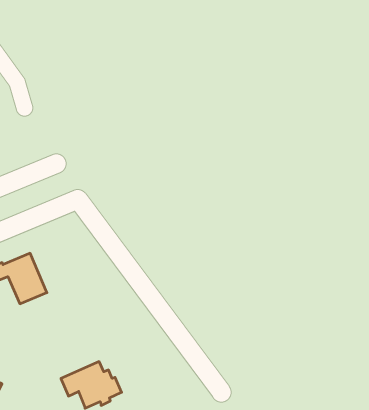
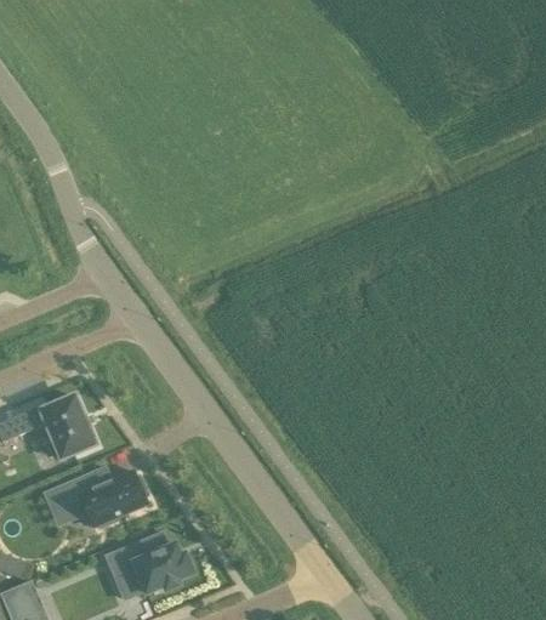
building: none -> [55,470,146,528]

